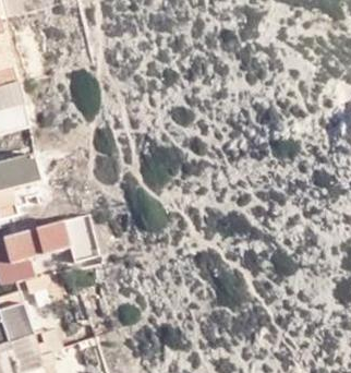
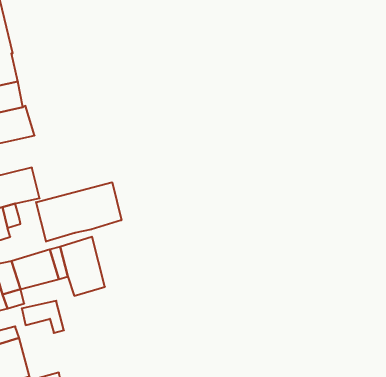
building: none -> [36,182,121,242]

